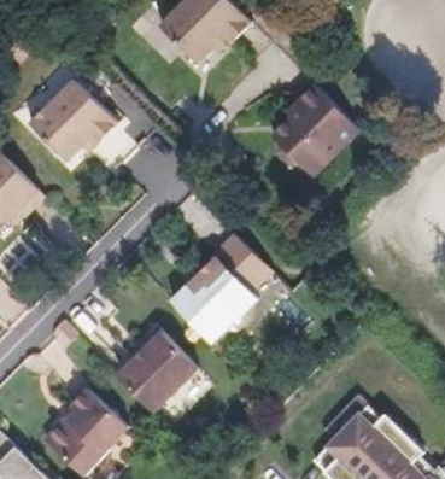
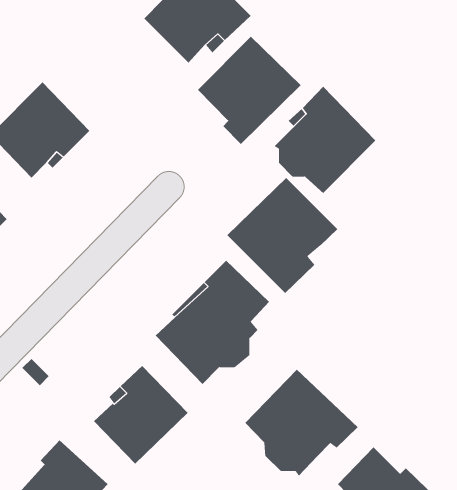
building: none -> [197,36,301,145]
building: none -> [226,177,338,294]
building: none -> [245,369,359,477]

